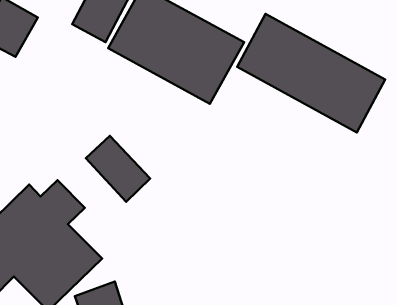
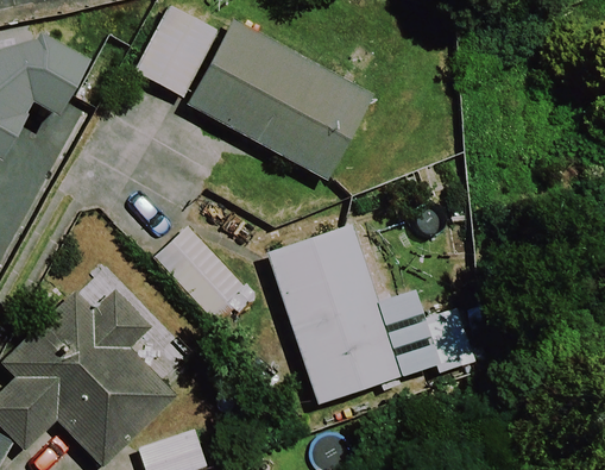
building: [237,14,385,132] -> none
building: none -> [267,224,439,402]

